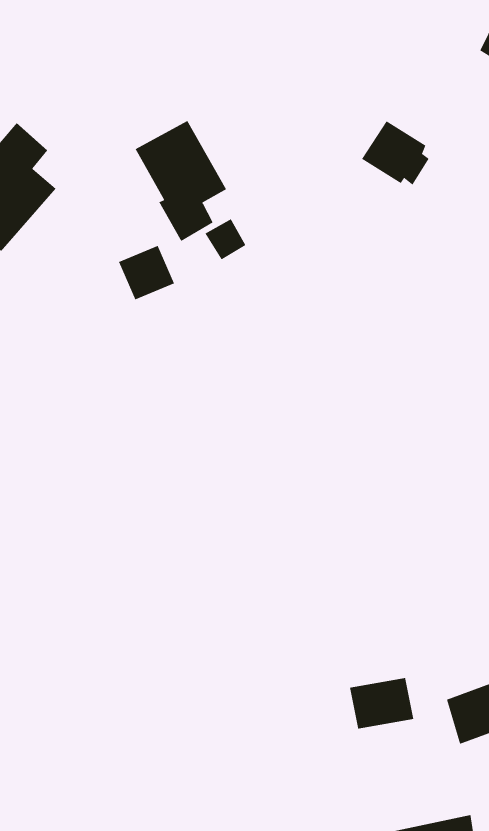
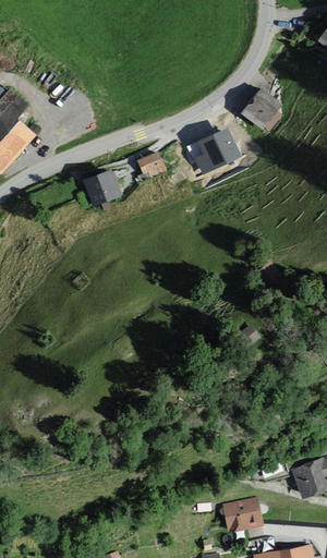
building: [135,120,227,242] -> none
building: none -> [184,126,239,174]
building: [349,678,414,729] -> [219,497,262,531]

